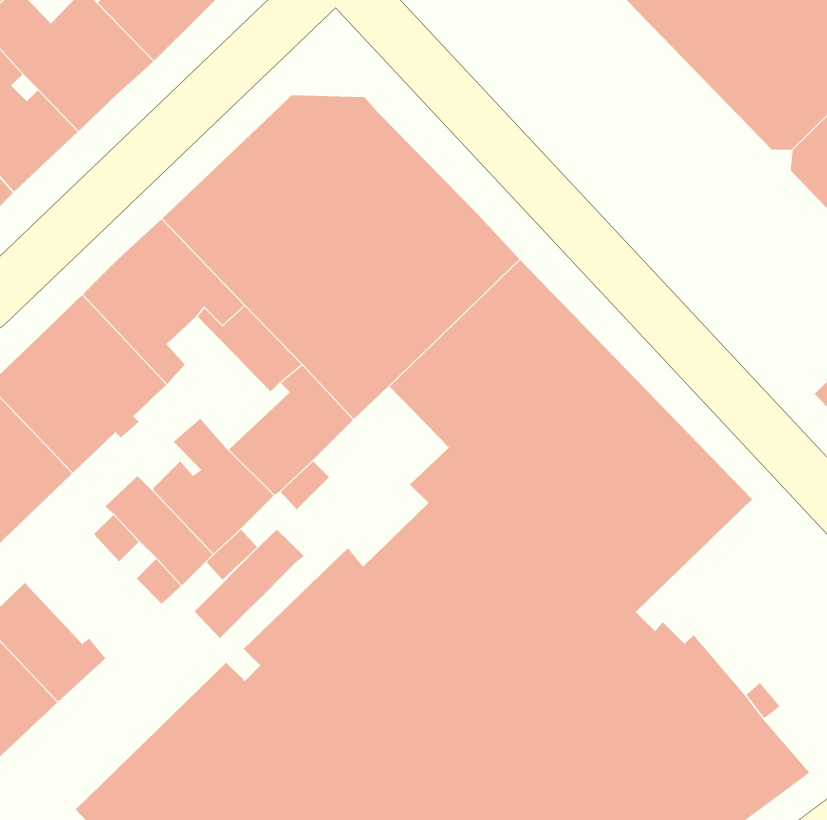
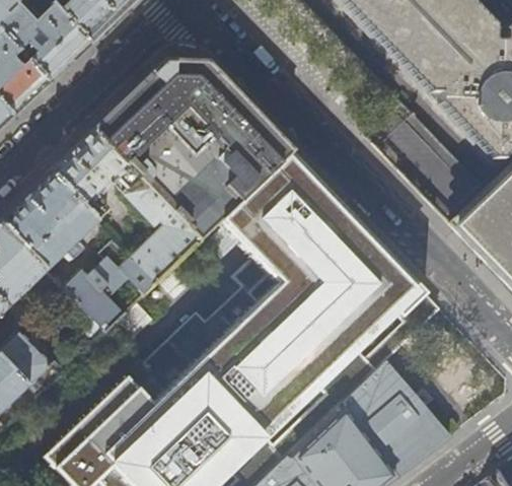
building: [194,529,305,639] -> none

